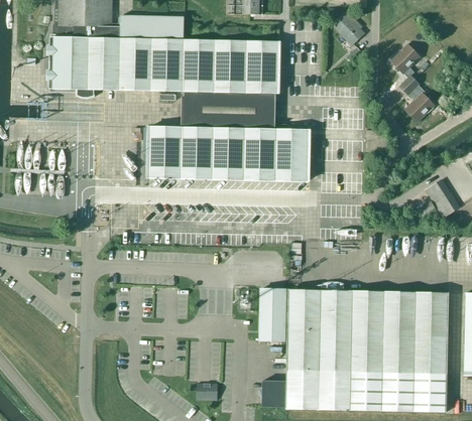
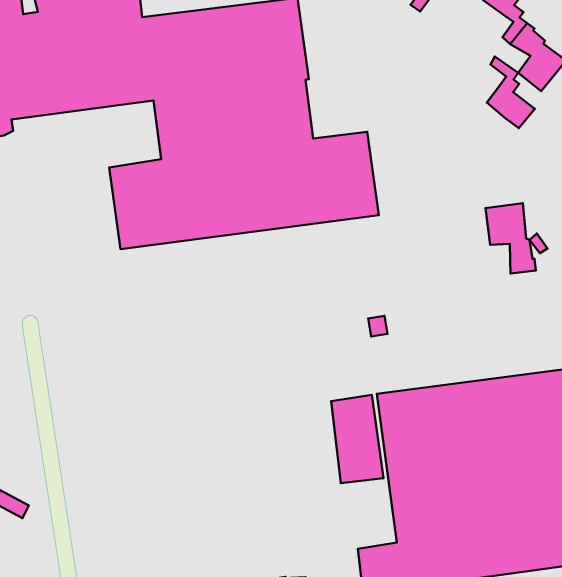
building: none -> [487,56,535,128]
building: none -> [485,203,536,273]

